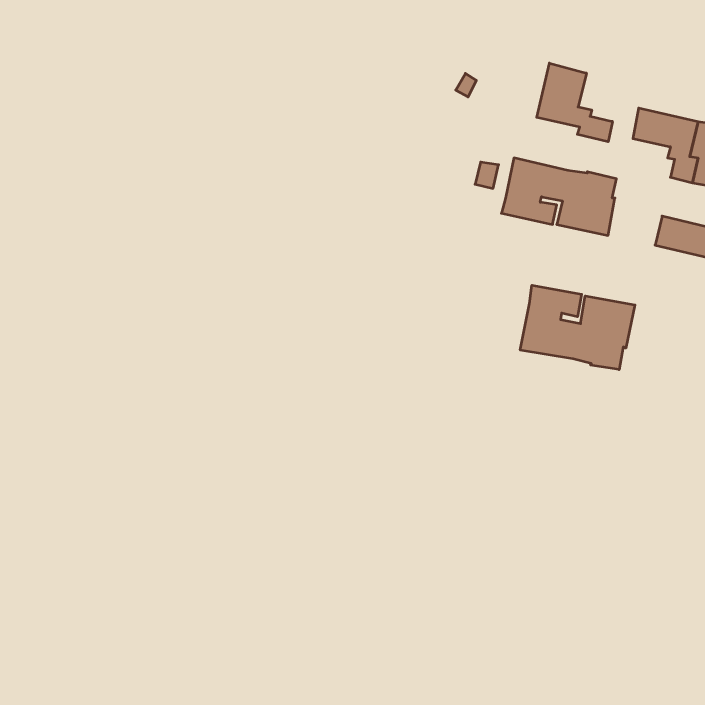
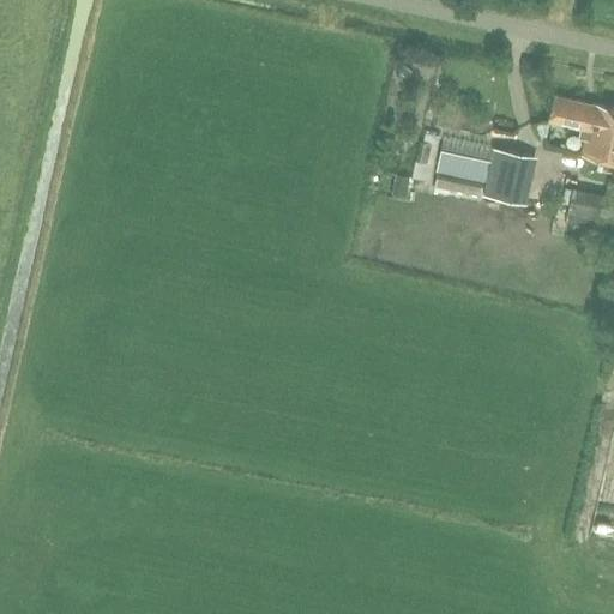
building: [537,63,612,142] -> none
building: [520,285,635,370] -> none

